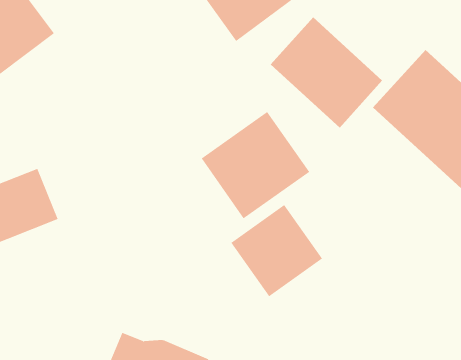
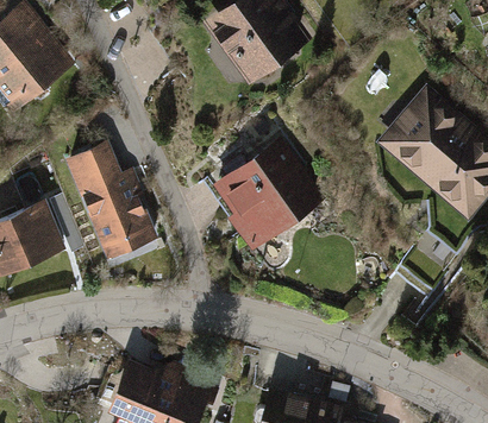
building: [270,17,383,128] -> none
building: none -> [67,141,150,255]
building: [230,204,323,297] -> none

